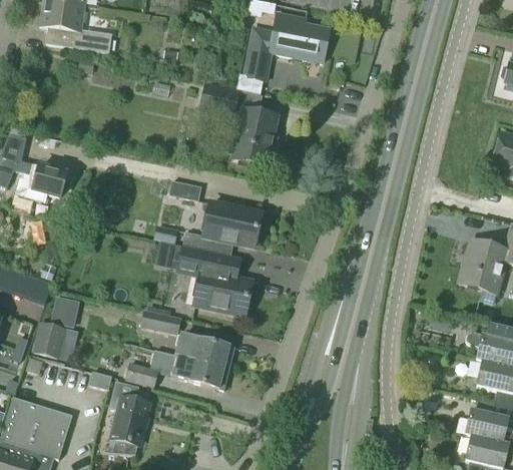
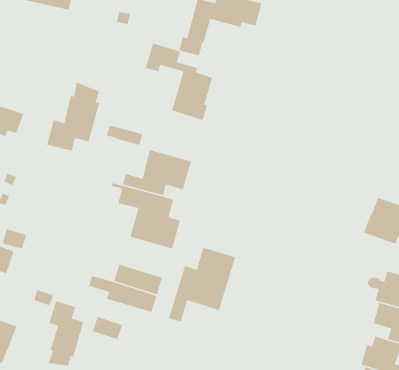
building: none -> [46,79,101,151]
building: [140,308,180,333] -> none
building: none -> [164,247,236,333]
building: [124,361,159,387] -> [92,316,123,340]

